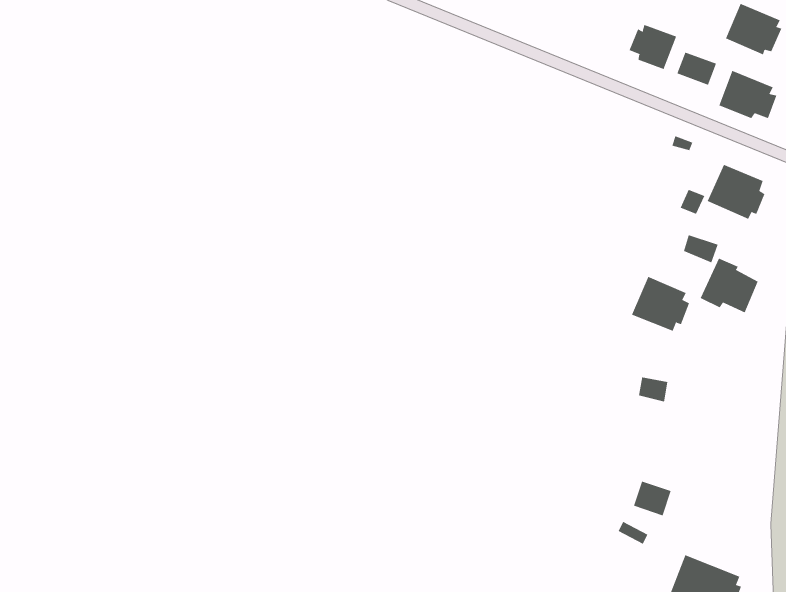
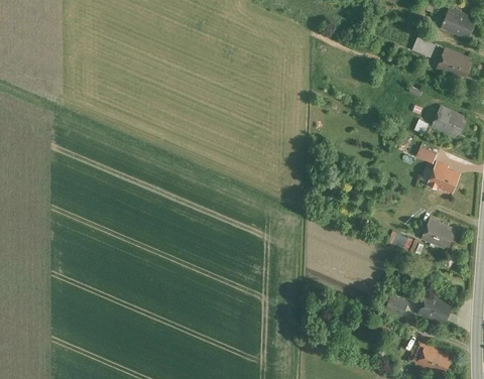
building: [629,24,677,70] -> none
building: [631,276,690,332] -> [419,217,455,250]
building: none -> [416,292,454,325]

